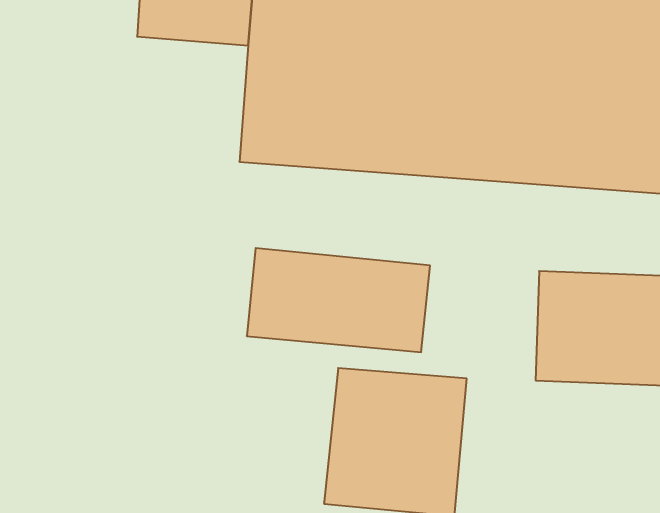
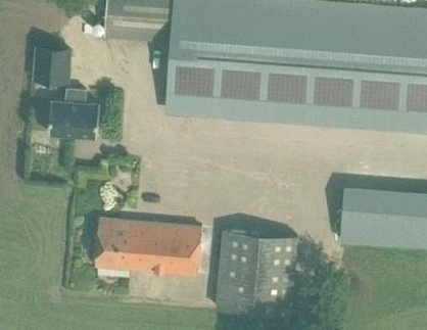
building: none -> [34,48,70,85]
building: none -> [49,90,100,139]
building: [247,248,430,352] -> [96,218,202,278]

